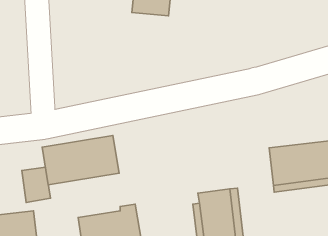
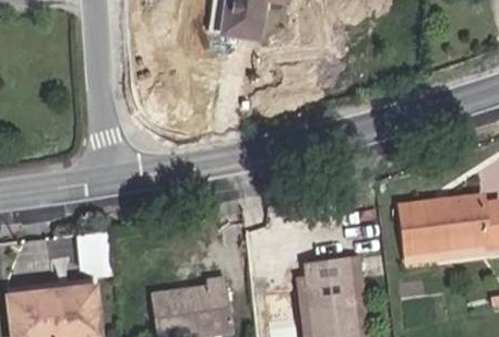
building: [42,136,119,185] -> none

